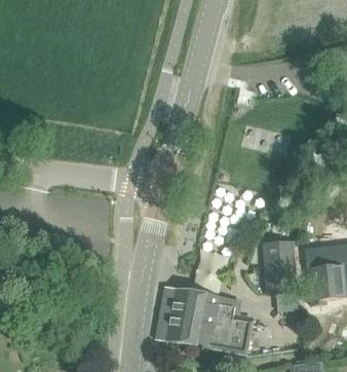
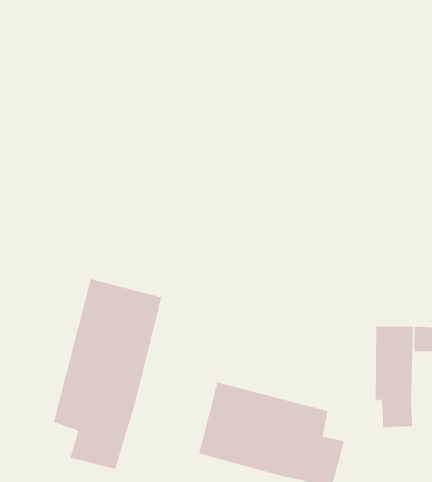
building: none -> [53,278,162,470]

